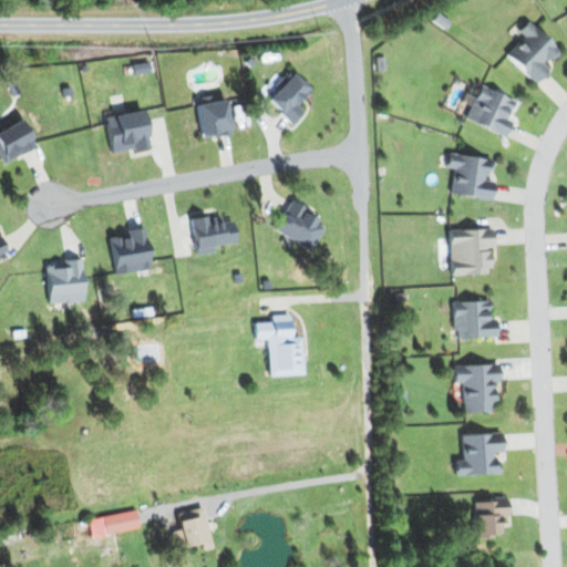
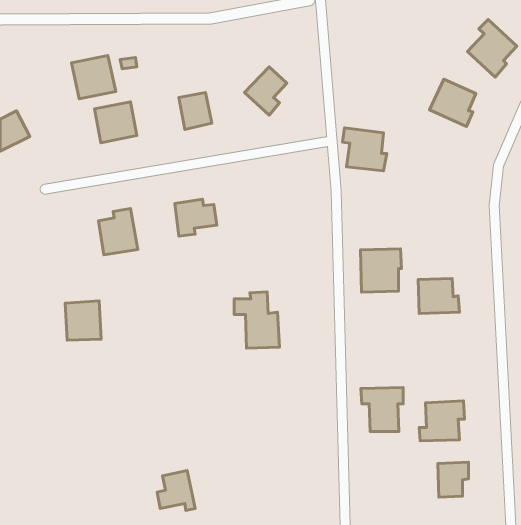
building: none -> [71,55,116,99]
building: [449,153,496,199] -> [343,128,387,171]
building: [276,200,327,251] -> none
building: [451,228,495,275] -> [361,249,402,292]
building: [47,260,85,302] -> [65,301,101,340]
building: [455,364,501,412] -> [361,387,403,432]
building: [91,511,141,536] -> none

